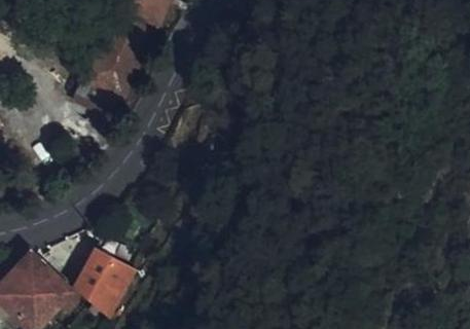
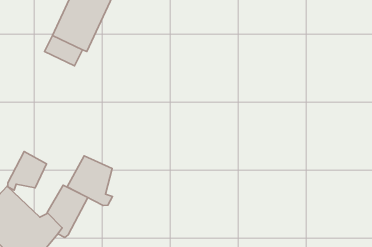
building: none -> [8,152,47,190]
building: none -> [67,156,113,206]

